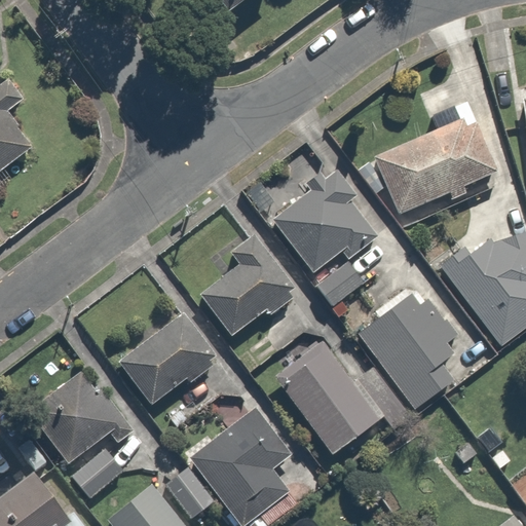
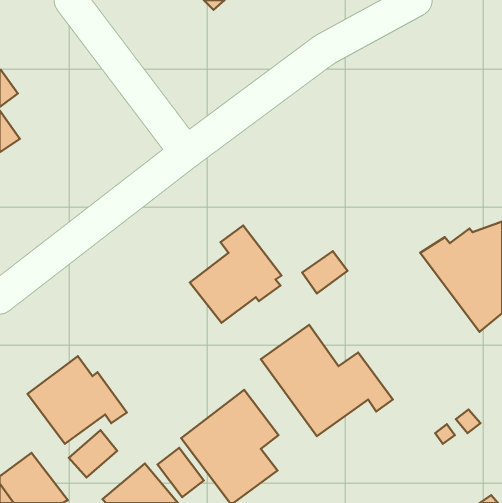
building: [373,119,498,215] -> none
building: [274,167,377,269] -> none
building: [359,295,459,409] -> none
building: [118,312,216,405] -> none

